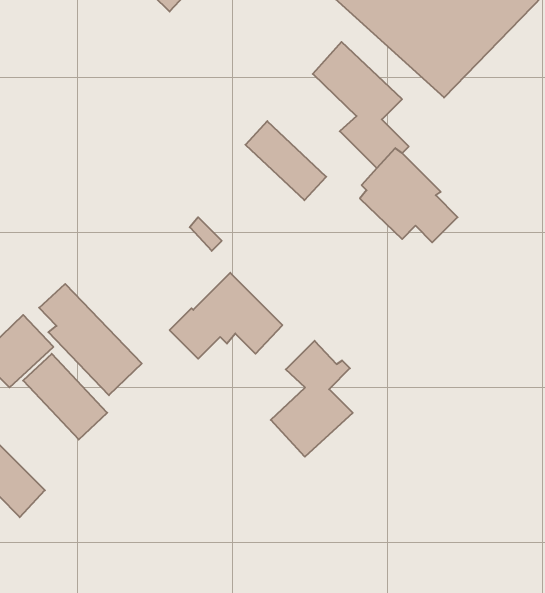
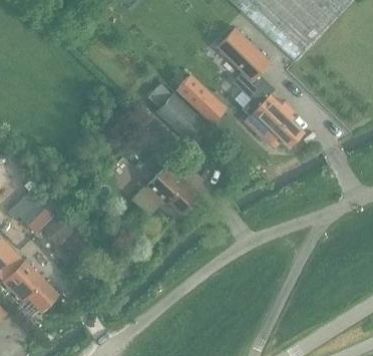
building: none -> [146,83,203,139]
building: [39,284,142,395] -> none
building: [271,341,353,457] -> none

